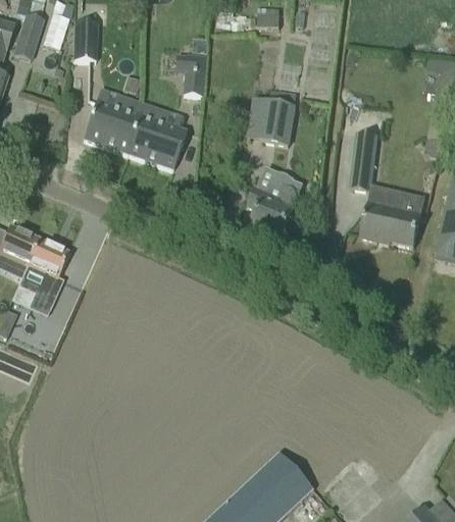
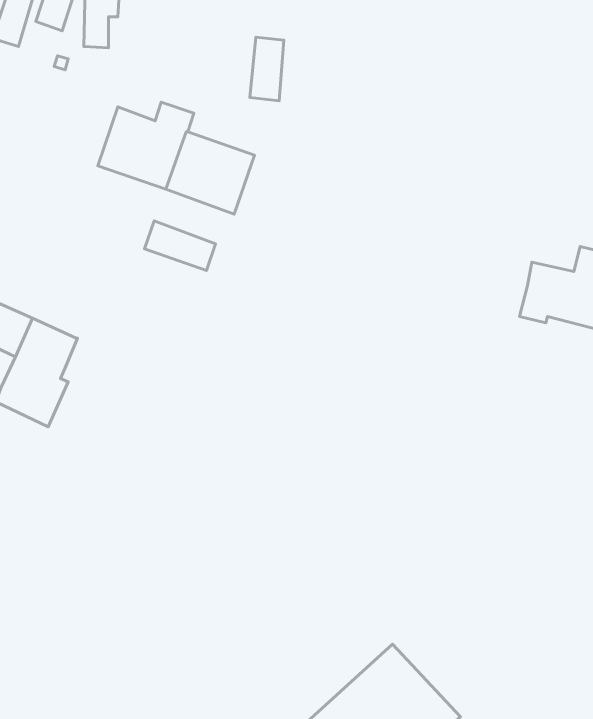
building: [248,98,295,145] -> none
building: [350,132,376,191] -> none
building: [248,171,300,236] -> none
building: none -> [144,221,215,271]

